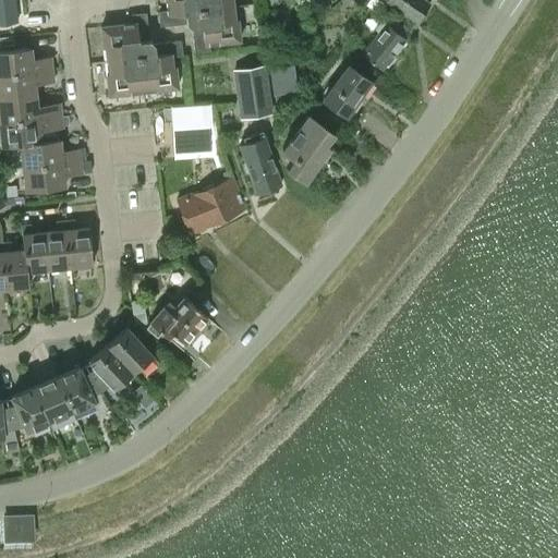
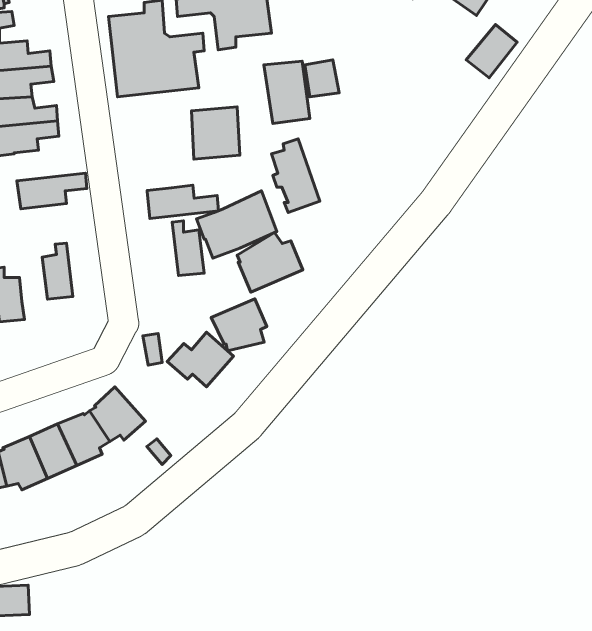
building: [362,28,405,74] -> [466,24,517,78]
building: [325,70,372,120] -> none
building: [283,119,335,184] -> none
building: [21,141,82,169] -> [147,185,218,218]
building: none -> [237,233,303,292]
building: [65,221,93,268] -> [172,221,204,276]
building: [22,226,49,272] -> none
building: none -> [211,299,267,351]
building: [107,328,154,375] -> none

